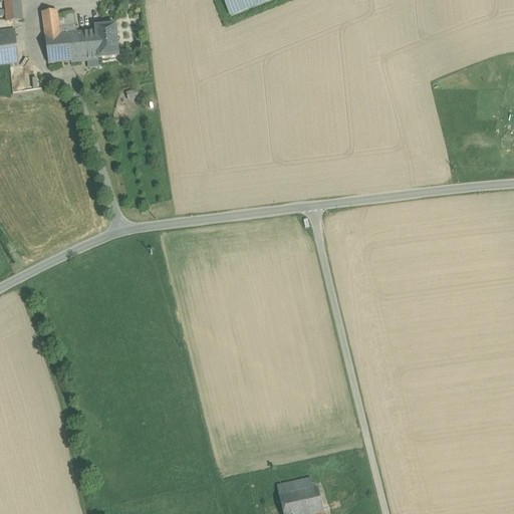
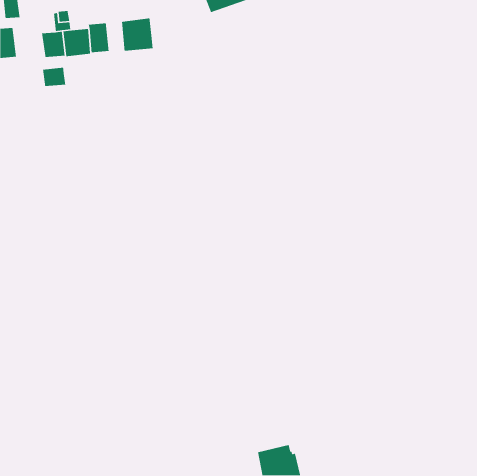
building: [41,9,59,35] -> none
building: none -> [121,17,153,52]
building: none -> [42,67,66,87]

